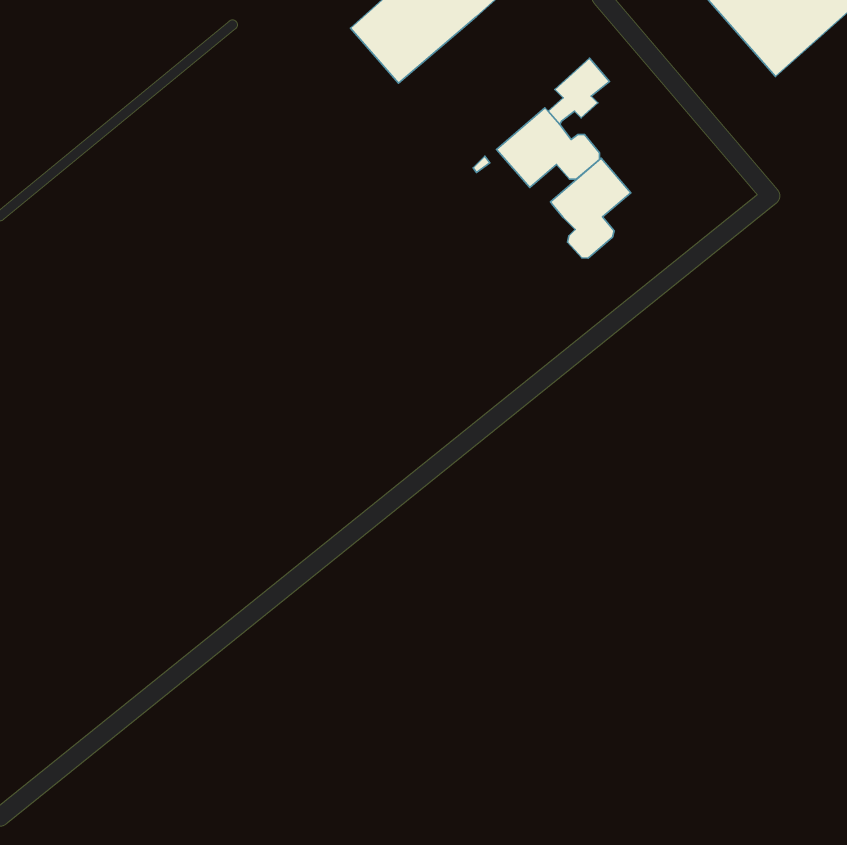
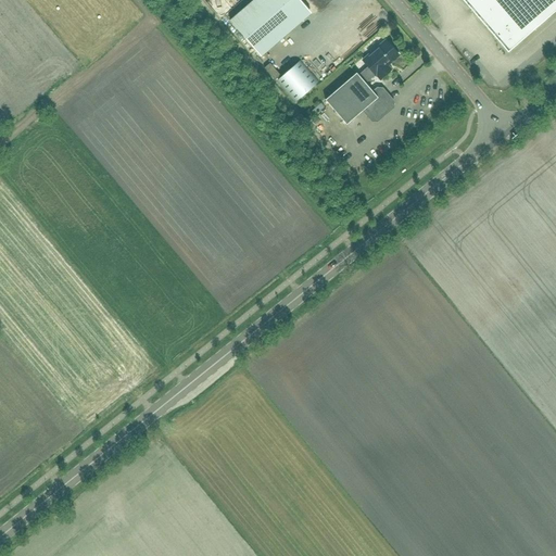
building: none -> [277,58,319,100]
building: [550,158,631,258] -> none

